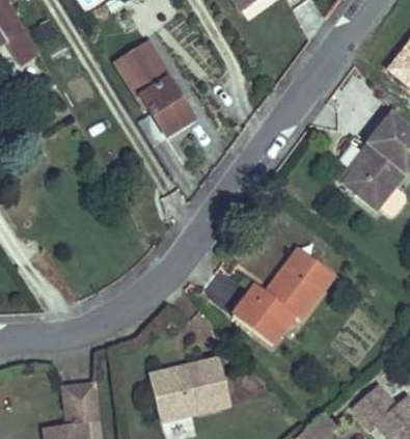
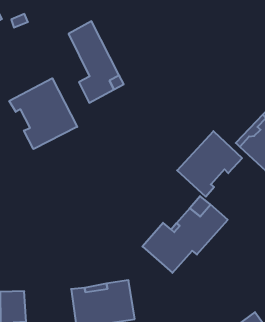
building: none -> [9,78,77,149]
building: none -> [177,131,242,197]

